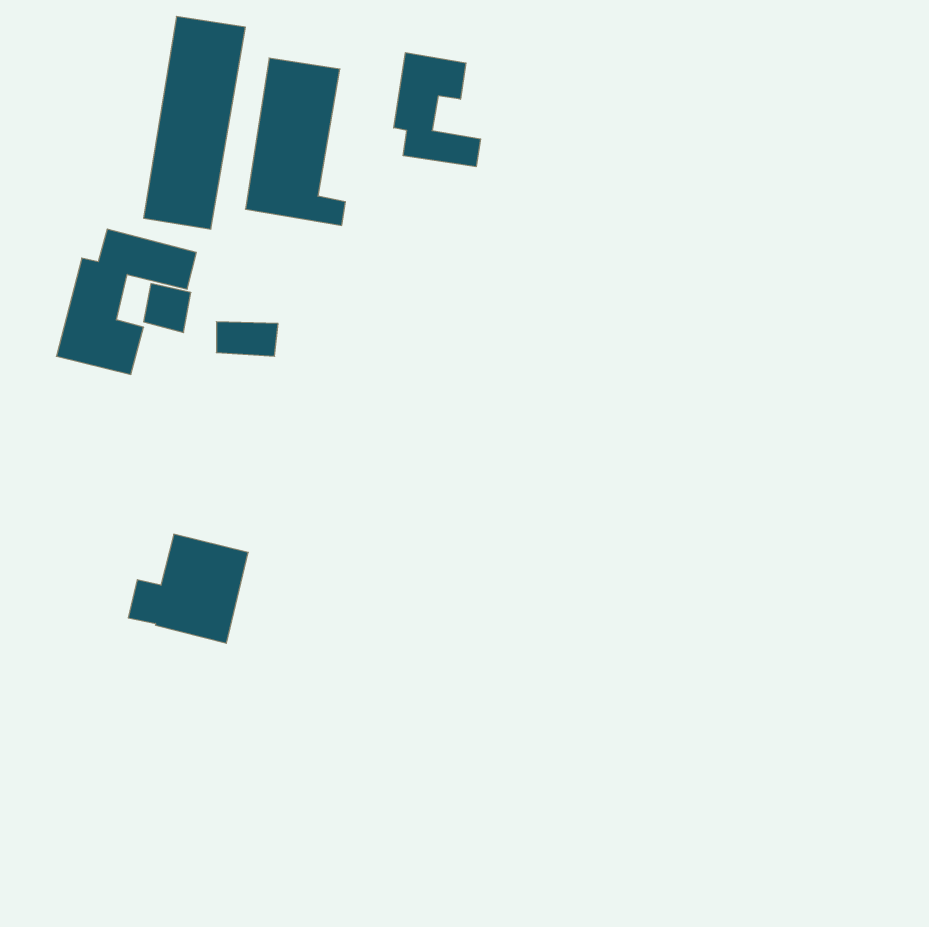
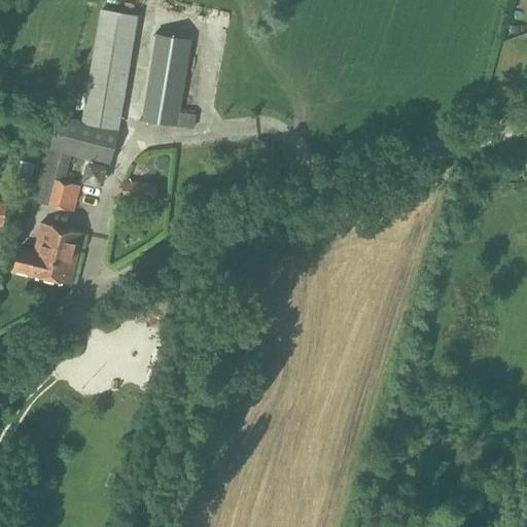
building: [394,53,481,167] -> none
building: [128,534,248,643] -> [14,222,82,284]

